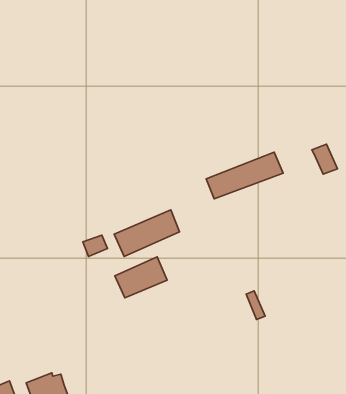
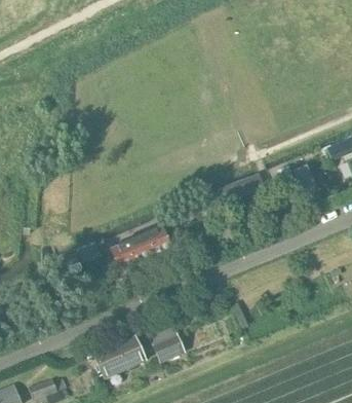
building: [115,257,167,298] -> [94,336,143,374]
building: none -> [151,332,185,363]

